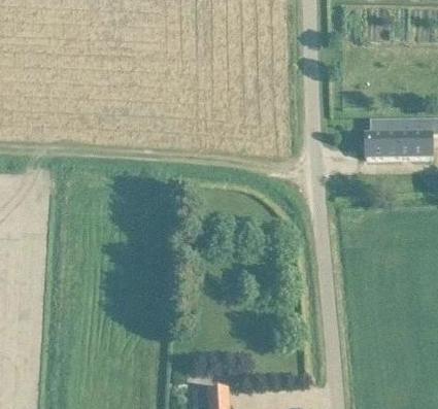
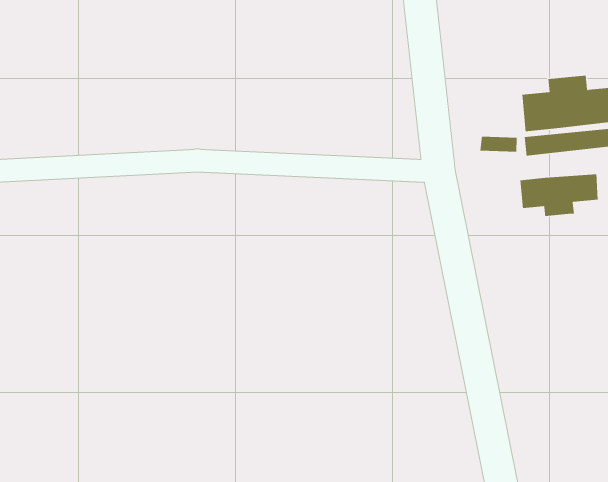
building: none -> [520,173,598,217]

